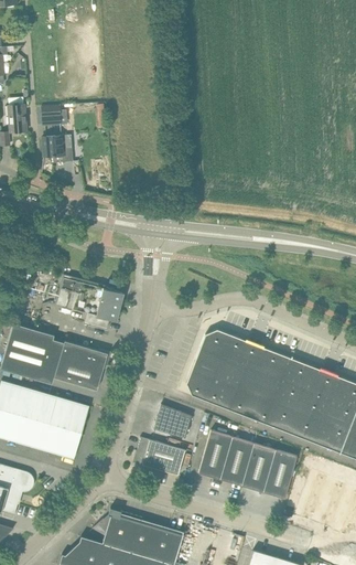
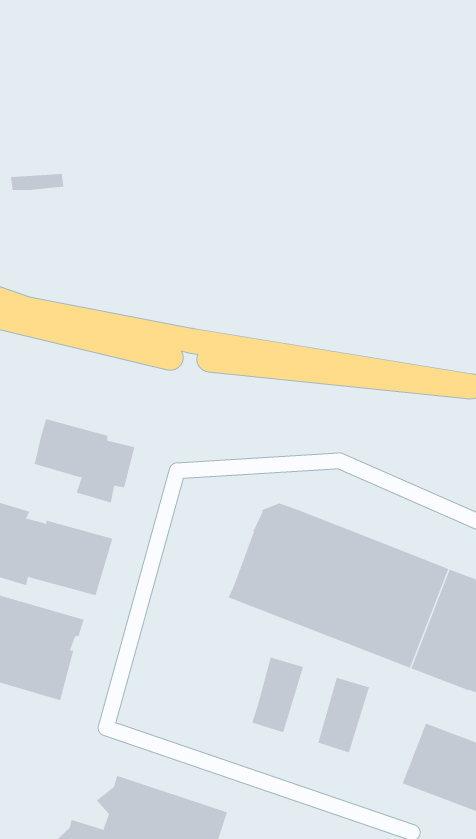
building: [42,136,73,163] -> none
building: [153,404,192,439] -> none
building: [136,437,185,476] -> none
building: [219,437,253,487] -> none
building: [262,450,298,499] -> none

